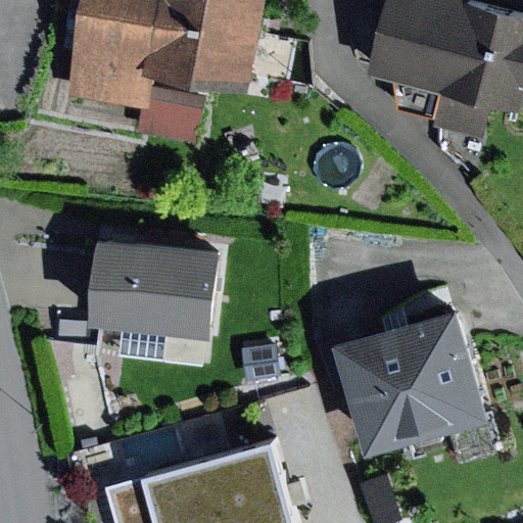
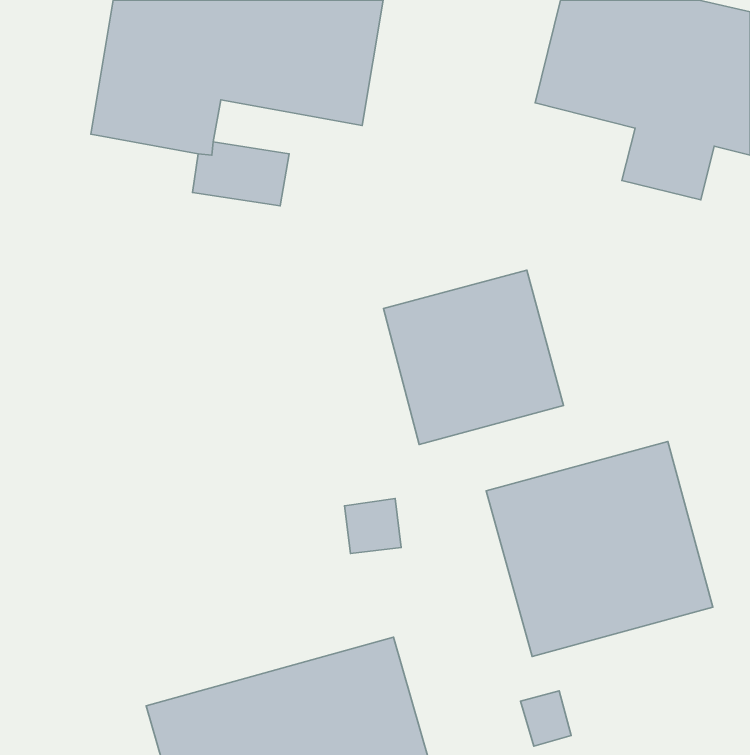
building: none -> [384,270,564,445]
building: [88,236,220,339] -> none

